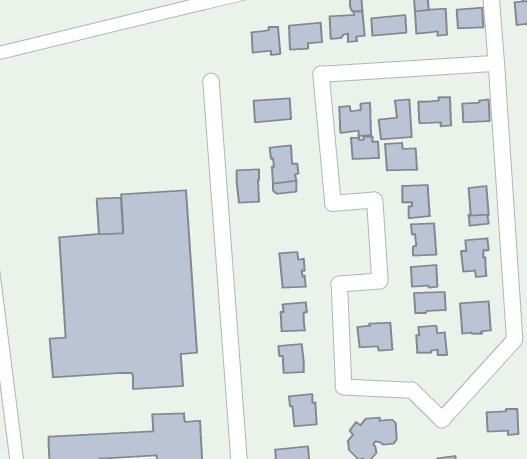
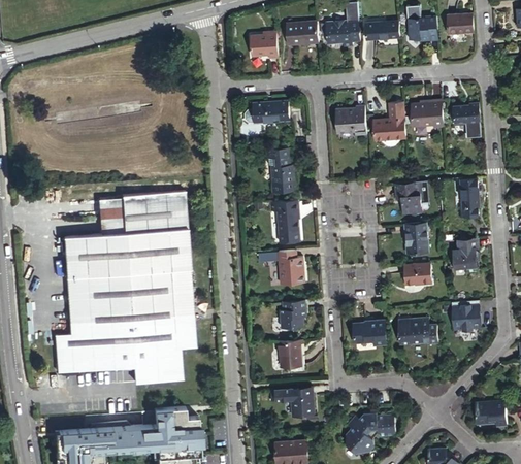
building: [351,137,379,159] -> none
building: [385,143,417,171] -> none
building: [237,169,259,203] -> [275,202,297,234]
building: [414,292,445,313] -> none

